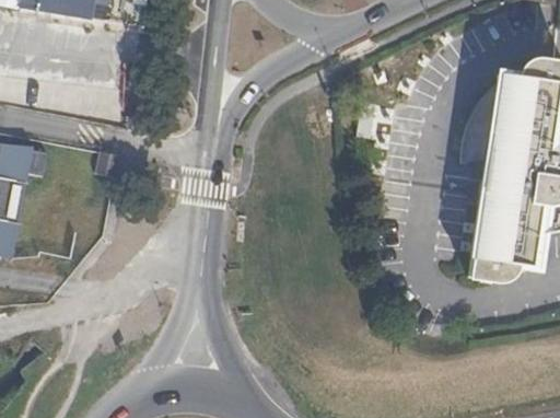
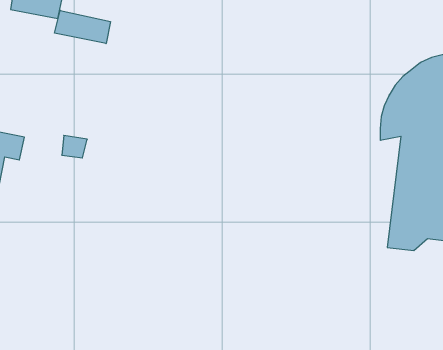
building: none -> [55,10,110,44]

